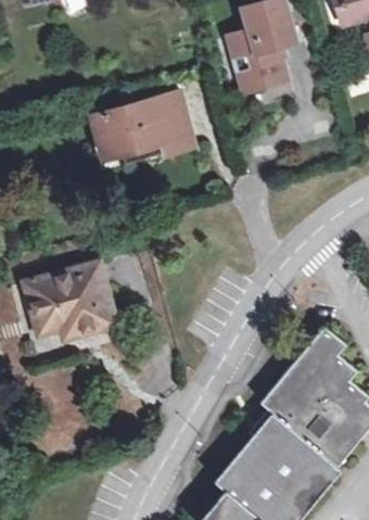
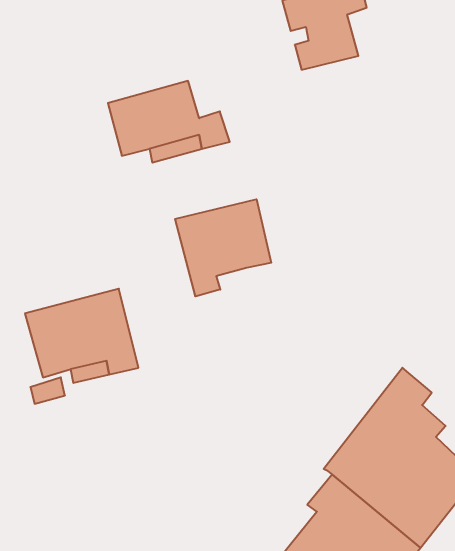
building: [154,94,194,149] -> none
building: none -> [175,199,271,296]

